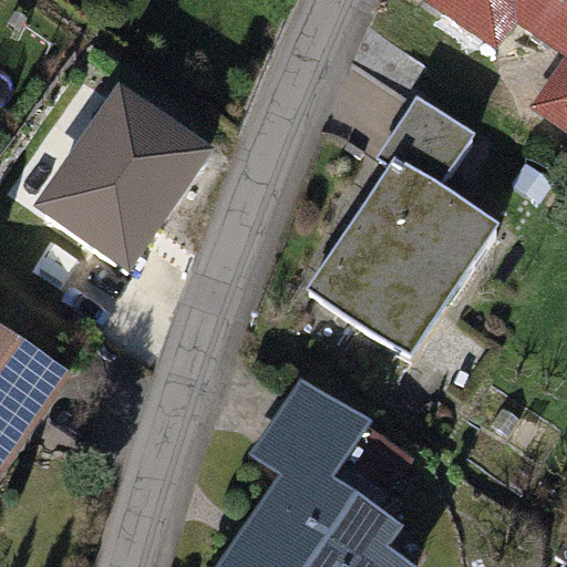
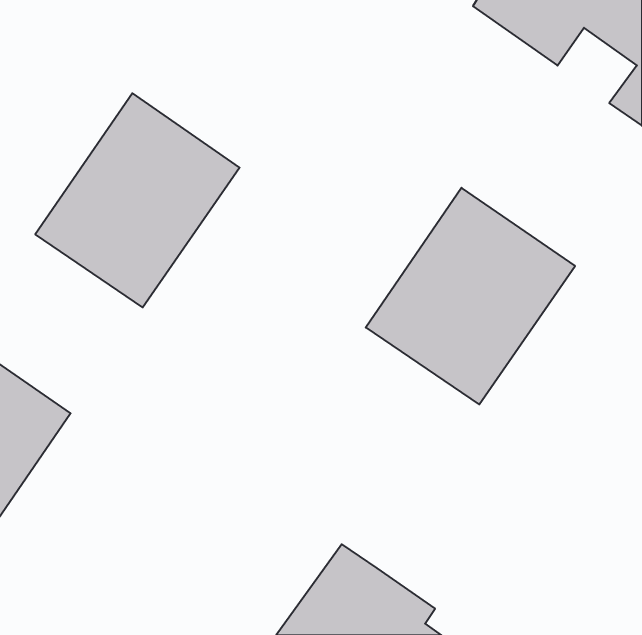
building: [386,94,492,197] -> none
building: [256,386,373,499] -> none

